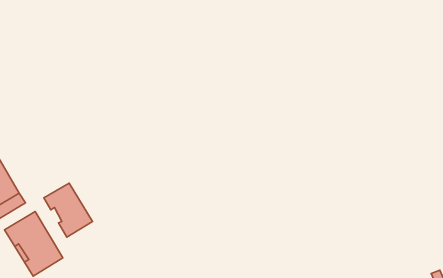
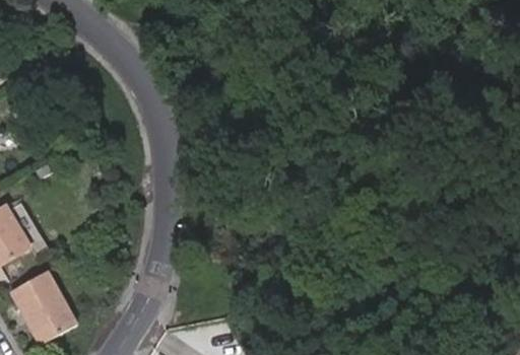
building: [44,183,92,237] -> none

